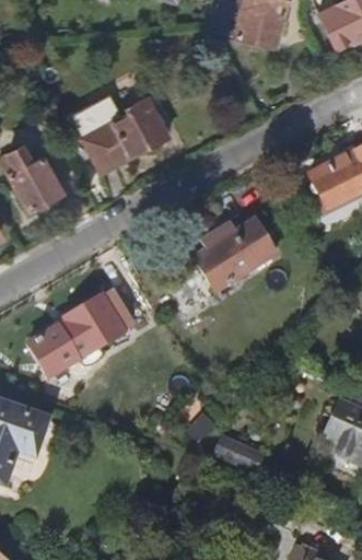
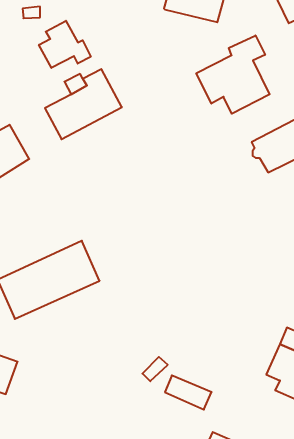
building: none -> [39,21,91,68]
building: none -> [196,35,270,114]
building: [190,222,275,292] -> none

